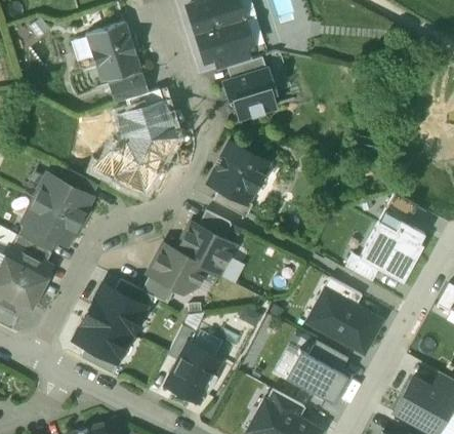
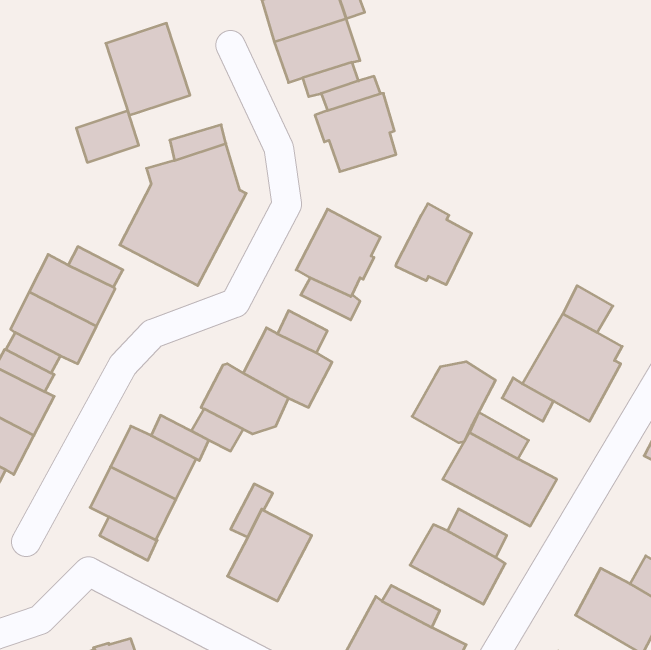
building: [107,69,148,103] -> [76,111,139,162]
building: none -> [396,204,472,285]
building: none -> [412,362,495,443]

